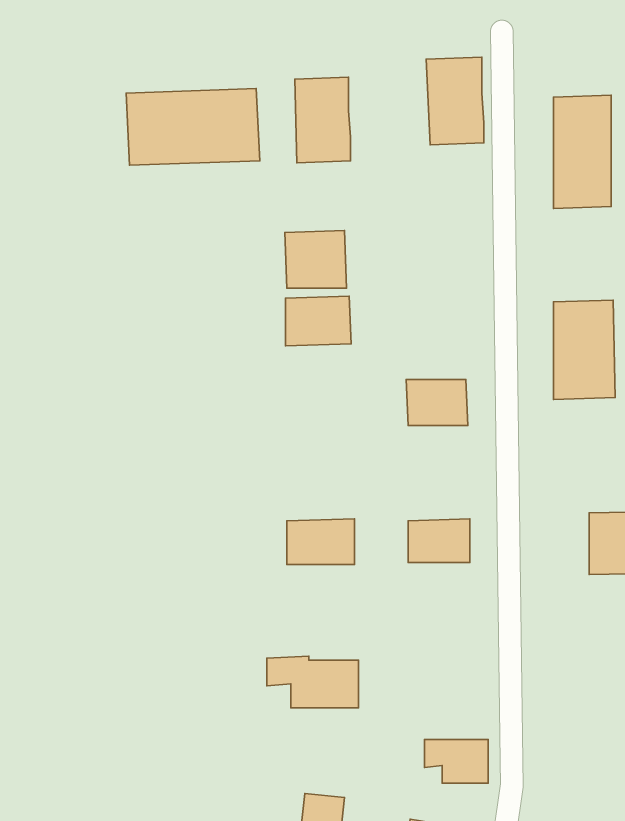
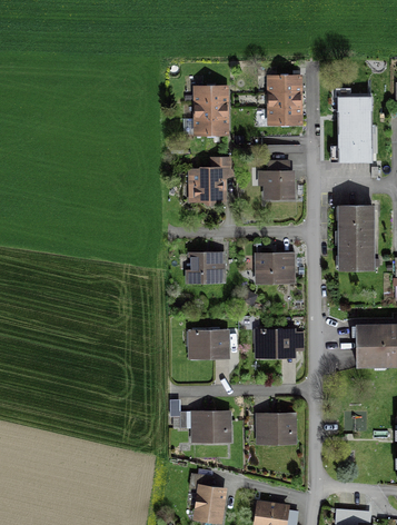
building: [126,89,260,165] -> none
building: none -> [264,170,295,198]
building: [285,296,351,346] -> [187,255,224,283]
building: [424,740,488,783] -> [258,414,294,438]

